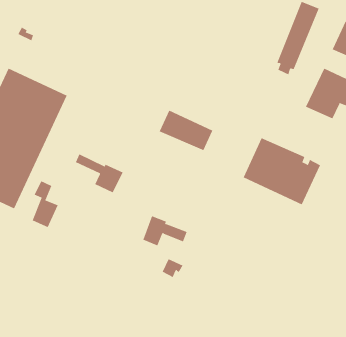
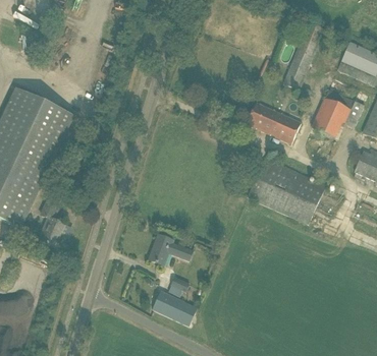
building: [159,110,213,151] -> [246,102,300,142]
building: [75,154,123,193] -> none
building: none -> [151,290,197,325]

